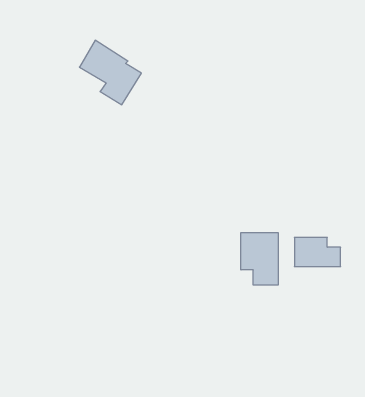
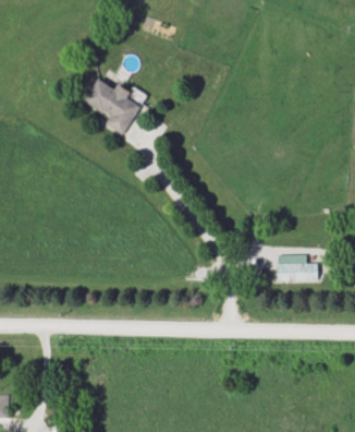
building: [241,233,278,285] -> none

